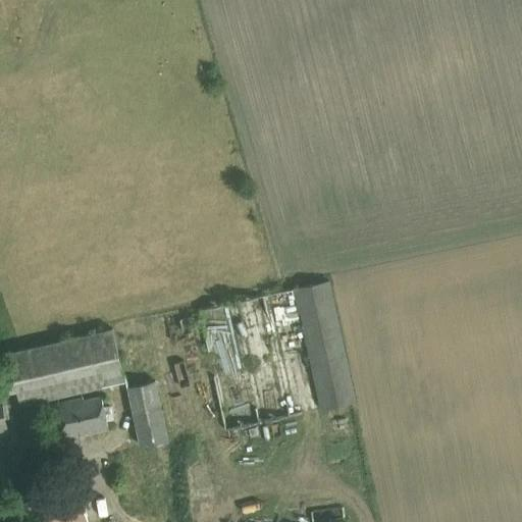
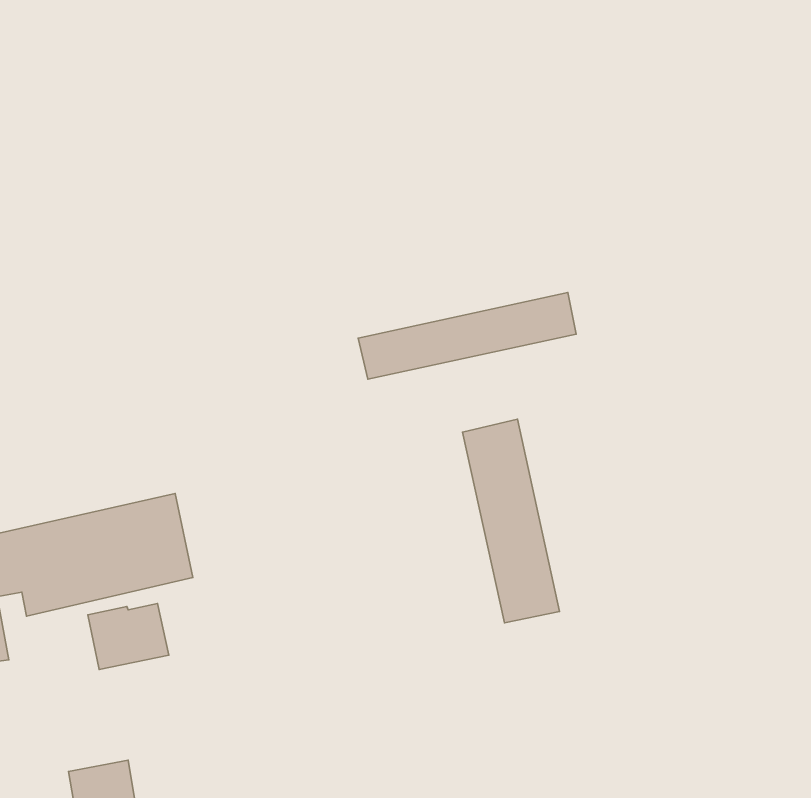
building: none -> [358,293,576,379]
building: [125,382,168,452] -> none

